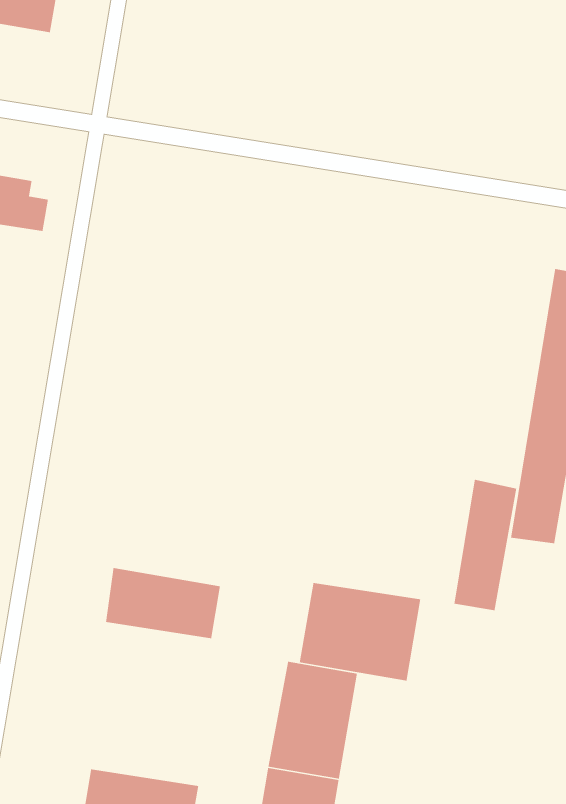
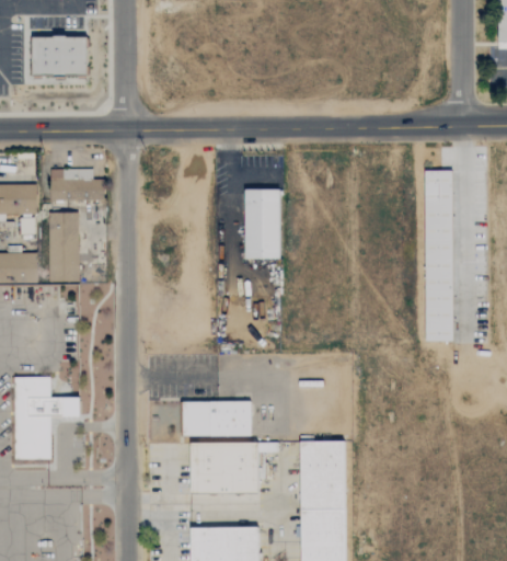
building: none -> [244,188,285,262]
building: [454,479,517,611] -> none
building: [299,582,421,681] -> [191,442,260,494]

